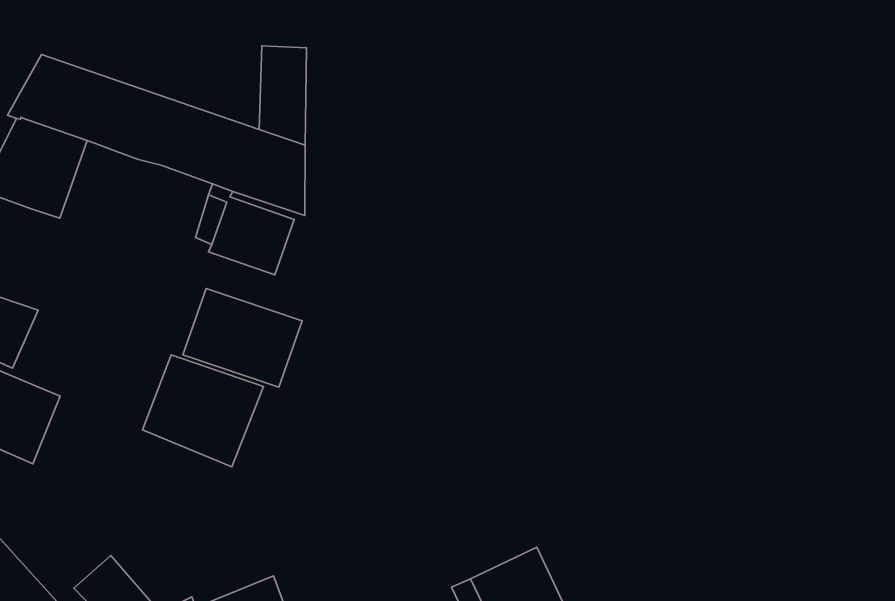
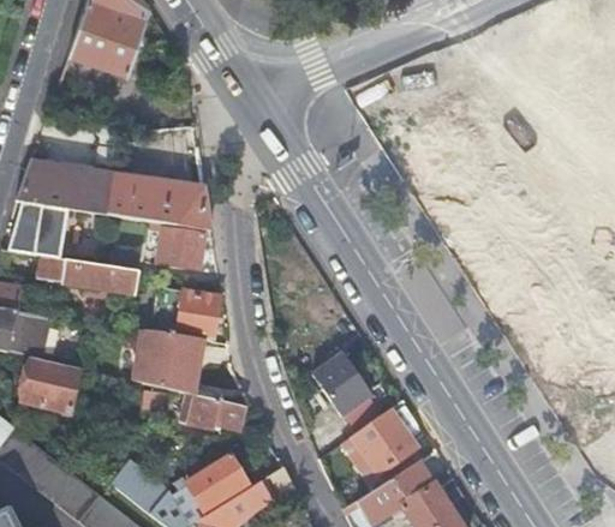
building: none -> [38,256,139,294]
building: none -> [314,352,381,429]
building: none -> [189,395,245,430]

